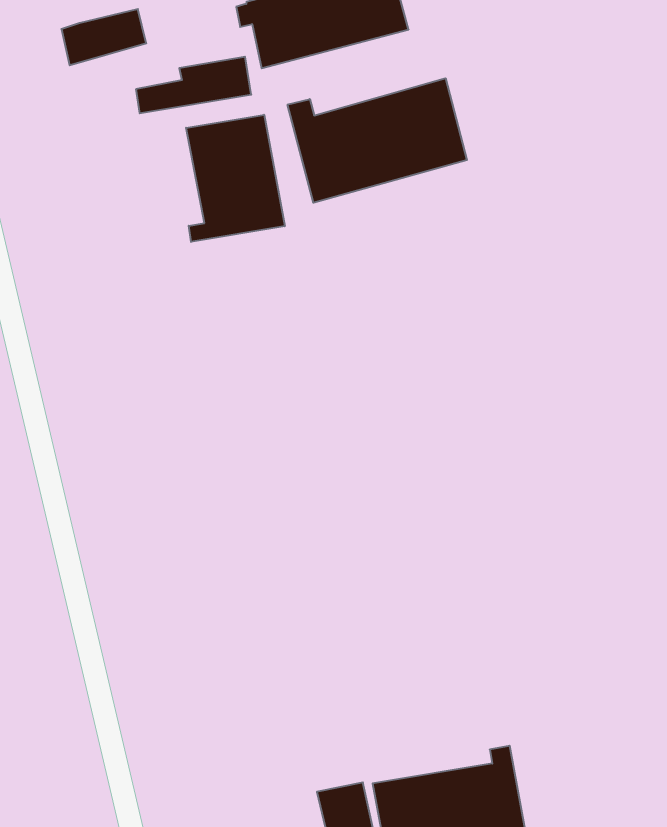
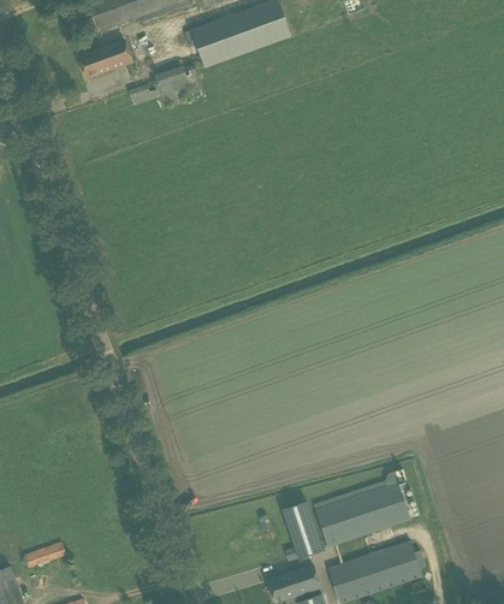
building: [288,78,467,203] -> none
building: [186,115,285,242] -> none

